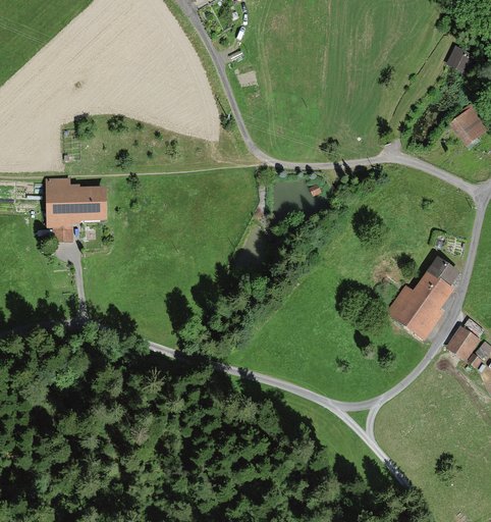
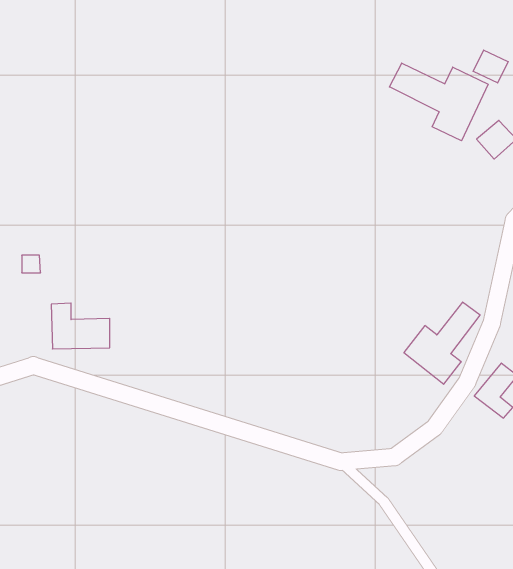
building: none -> [389,63,488,141]
building: [51,178,102,218] -> [51,303,110,349]

